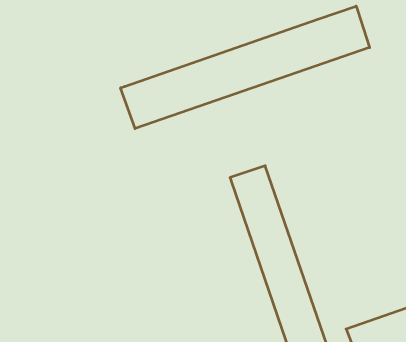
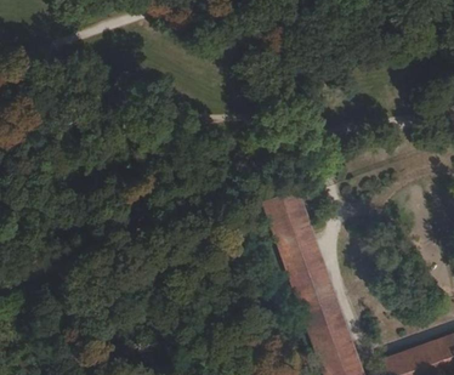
building: [121,6,370,129] -> none

